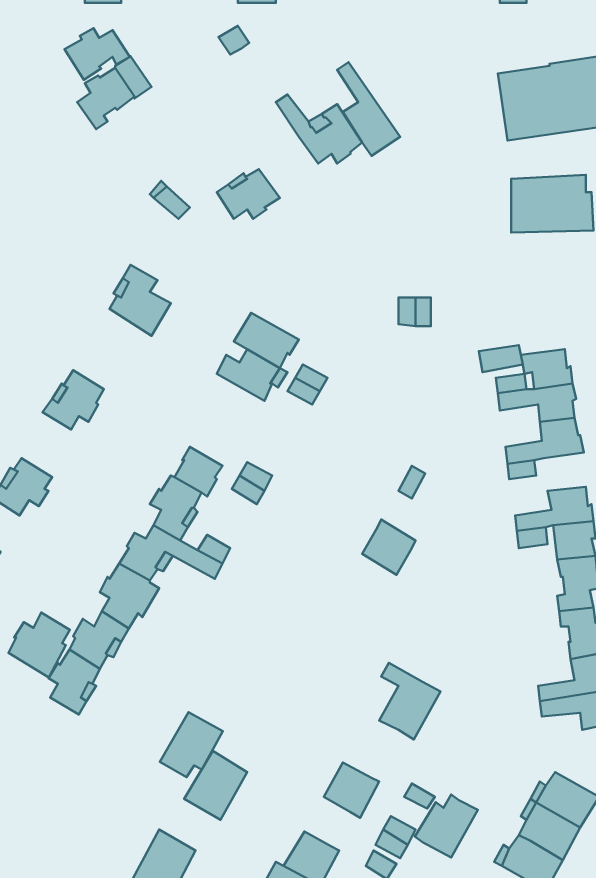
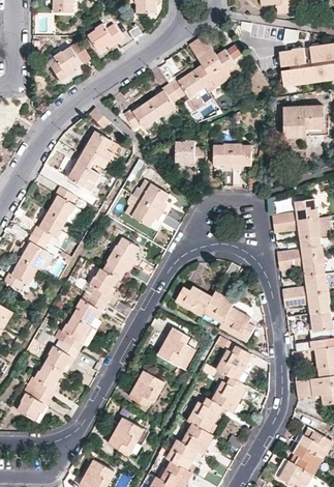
building: [65,28,130,80] -> [87,25,122,53]
building: none -> [195,40,240,85]
building: none -> [147,85,179,118]
building: none -> [78,133,116,169]
building: none -> [175,141,202,166]
building: none -> [213,145,250,167]
building: none -> [47,188,74,222]
building: none -> [19,234,45,269]
building: none -> [110,237,138,263]
building: none -> [301,256,324,277]
building: none -> [174,286,211,316]
building: none -> [218,308,252,342]
building: none -> [157,328,187,366]
building: [9,613,70,678] -> [17,389,50,424]
building: none -> [217,348,250,380]
building: [160,712,223,777] -> [128,370,162,405]
building: none -> [168,440,196,469]
building: [415,794,478,858] -> [188,398,222,432]

